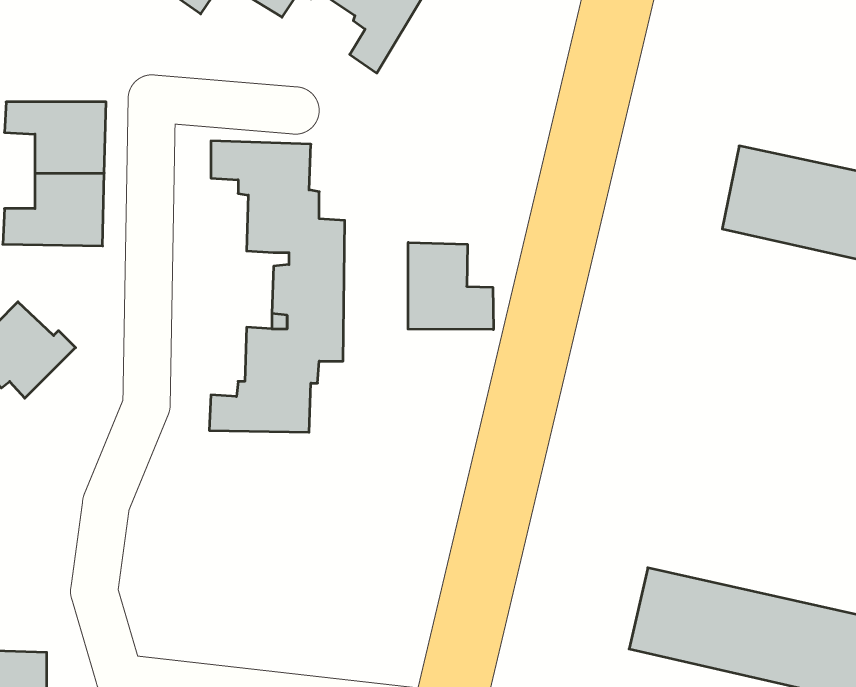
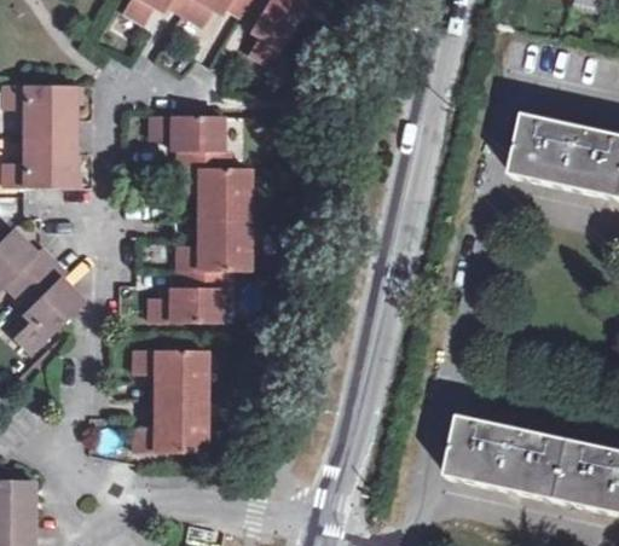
building: [408,242,493,330] -> none
building: none -> [19,261,87,352]
building: none -> [134,349,208,454]

